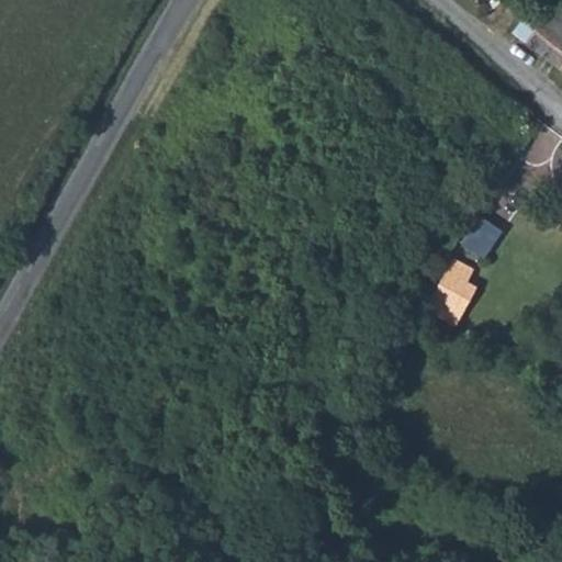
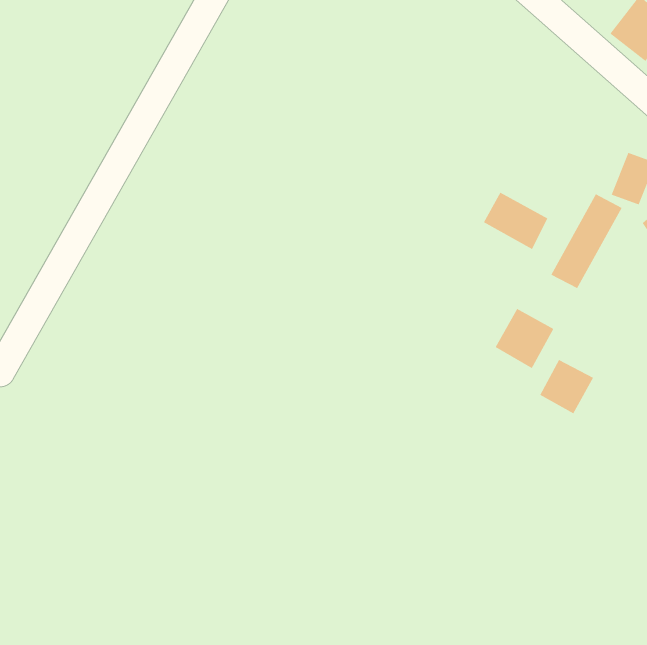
building: none -> [483,192,548,250]
building: none -> [539,359,594,414]

